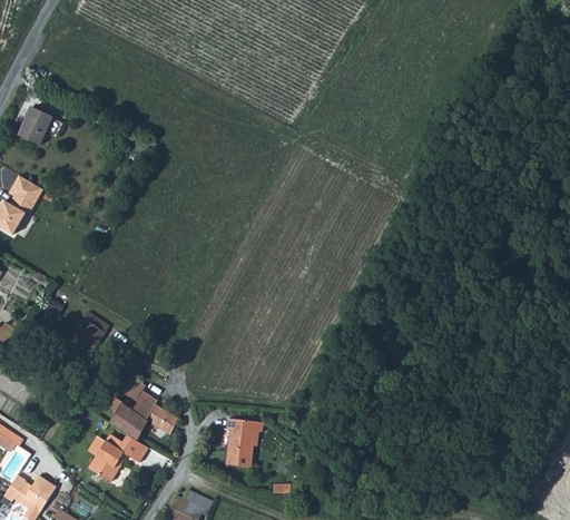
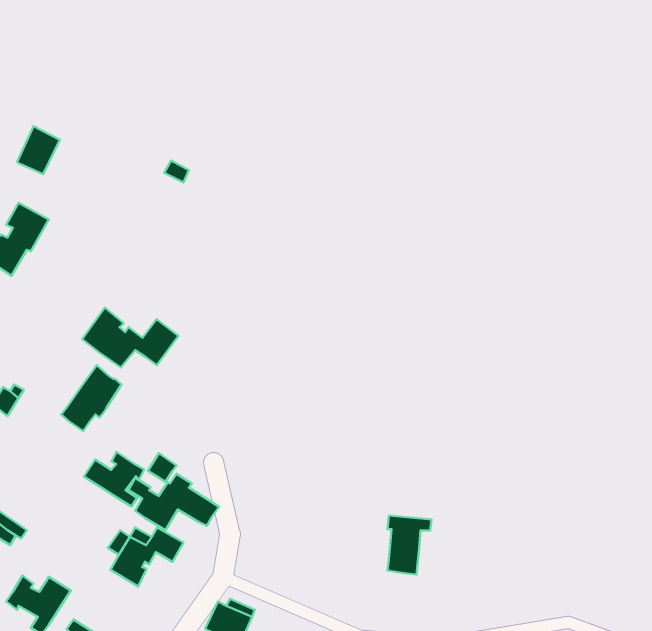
building: none -> [82,307,179,367]
building: none -> [84,452,144,506]
building: [225,420,261,468] -> [388,515,432,575]

